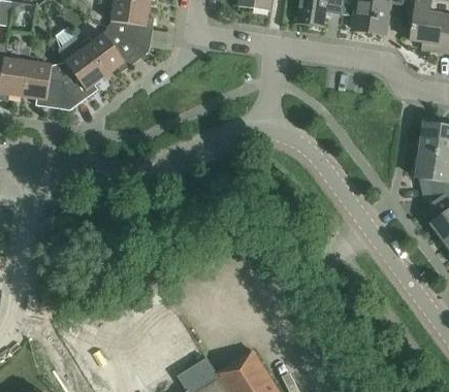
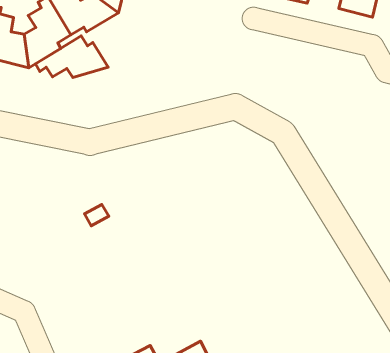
building: none -> [35,36,108,77]

